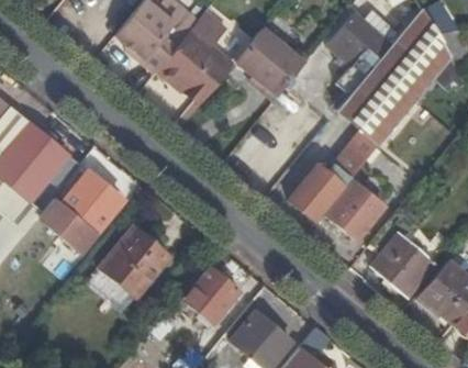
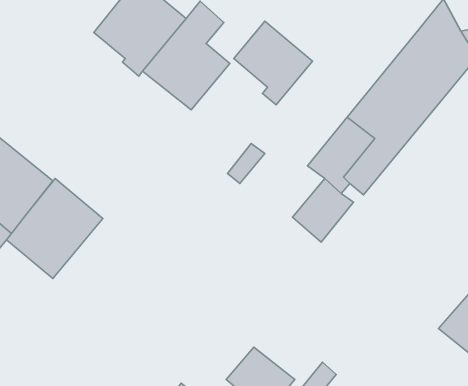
building: [328,13,401,93] -> none
building: [327,181,387,241] -> none
building: [370,210,435,295] -> none
building: [99,227,171,300] -> none
building: [185,268,241,325] -> none

